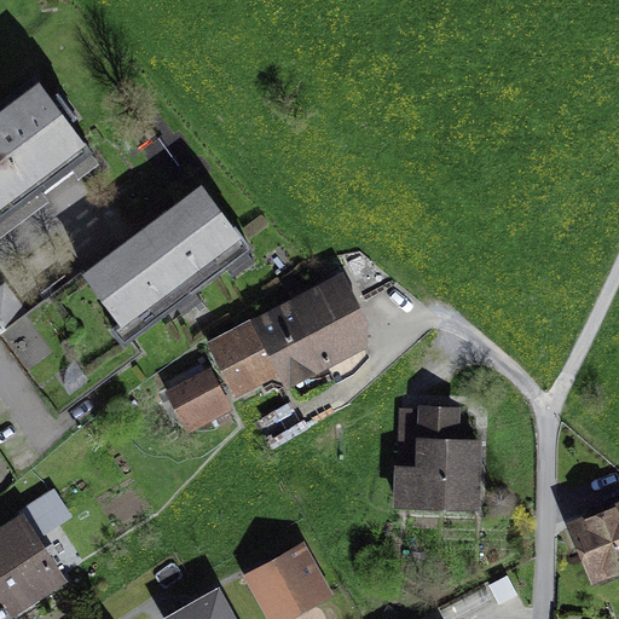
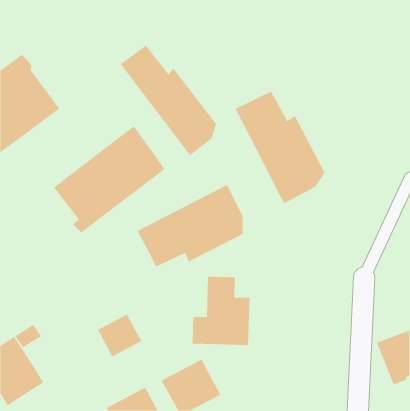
building: none -> [120,45,216,156]
building: none -> [235,91,325,204]
building: [164,371,232,436] -> [97,314,142,357]
building: [393,400,481,504] -> [192,276,250,345]

